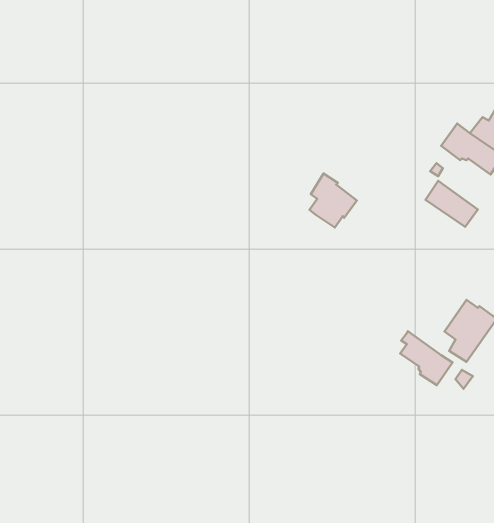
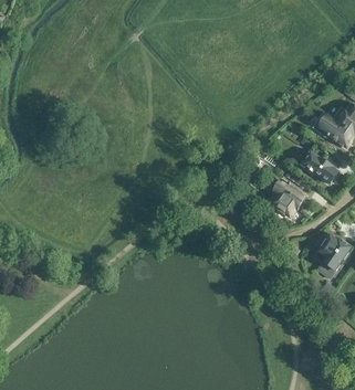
building: [309,173,357,227] -> [273,178,306,215]
building: [400,331,452,385] -> none

